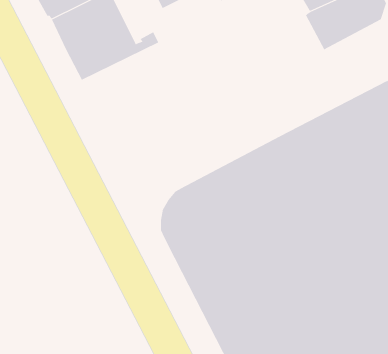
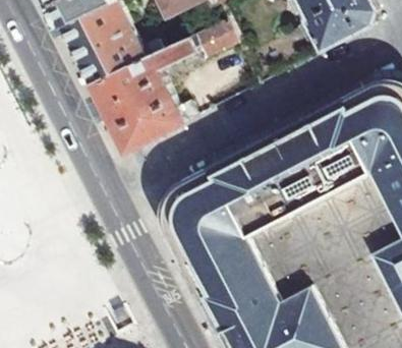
building: none -> [96,16,242,153]

